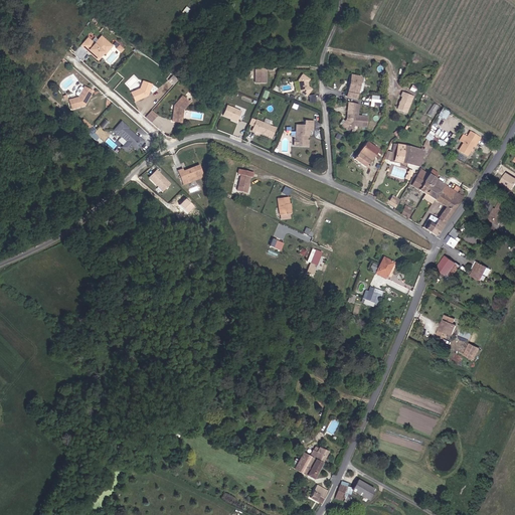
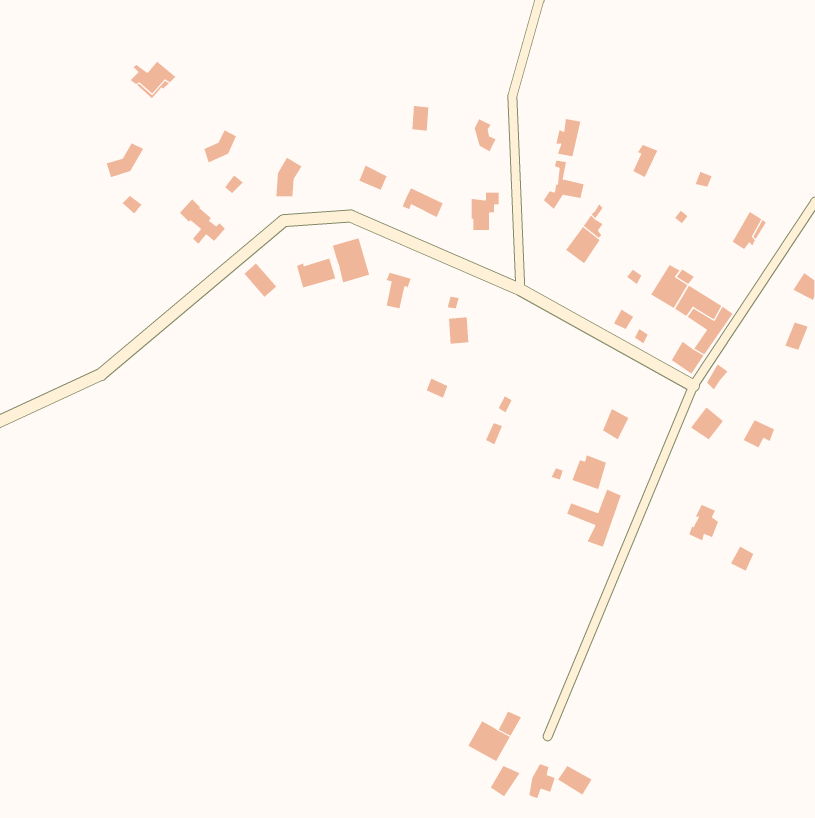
building: [390,145,421,165] -> none
building: none -> [332,237,370,283]
building: none -> [566,489,622,547]

